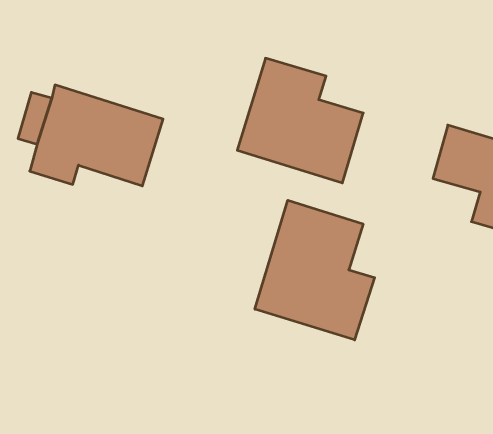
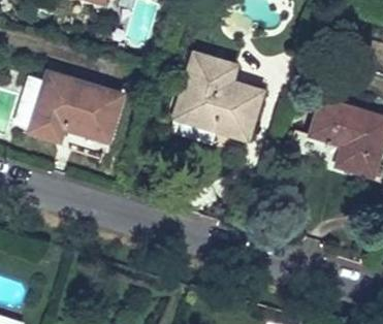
building: [255,200,375,340] -> none

